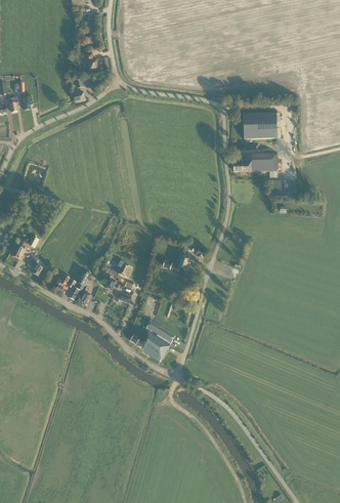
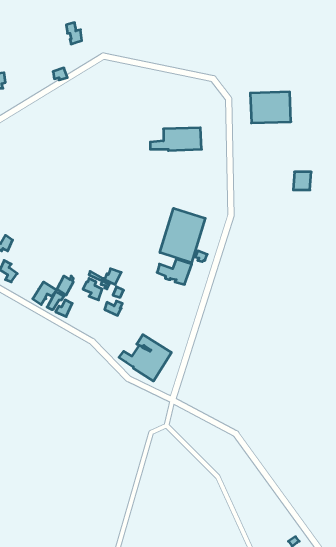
building: [232,152,277,171] -> [150,128,202,151]
building: none -> [160,208,205,263]

